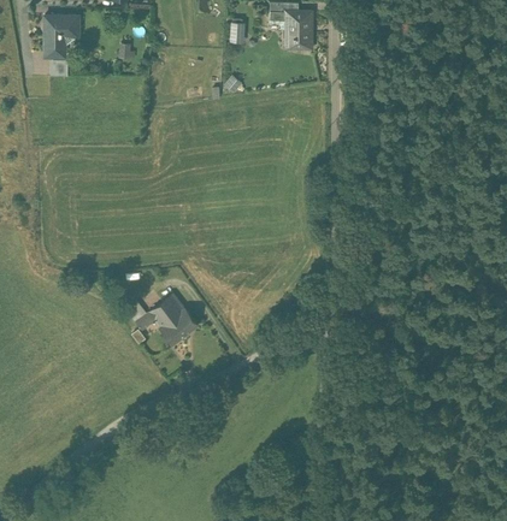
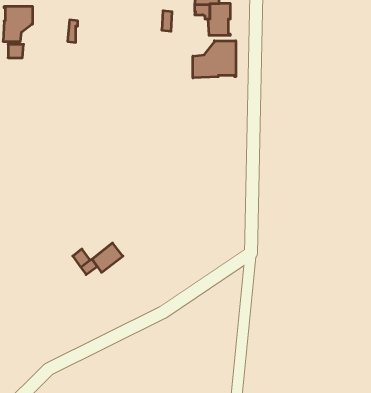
building: none -> [193,41,236,78]
building: [160,308,199,344] -> none

